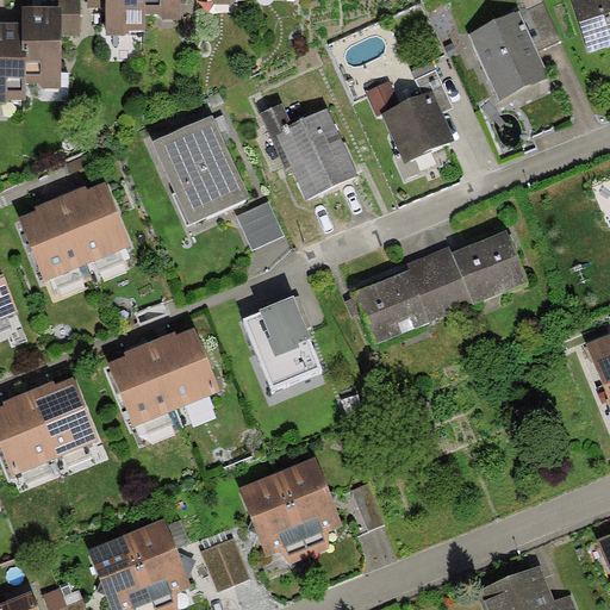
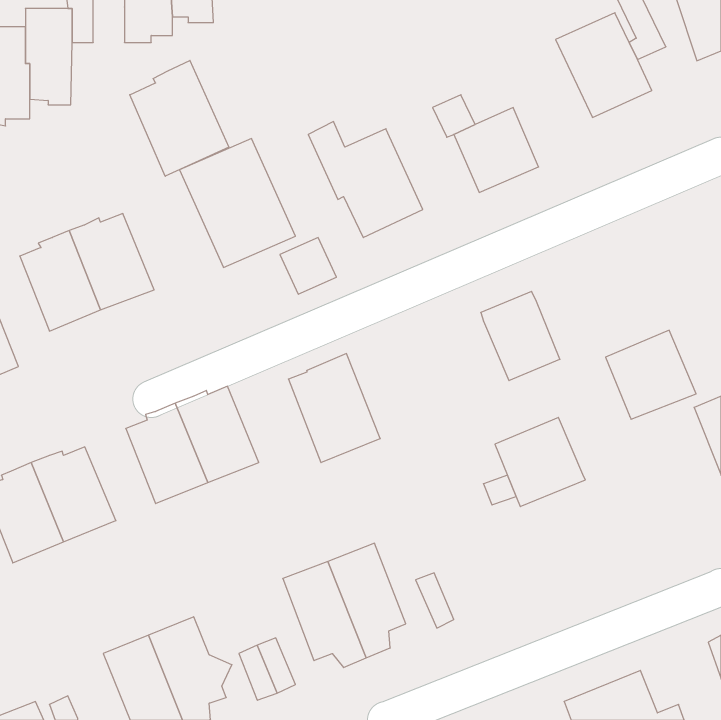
building: none -> [130,60,229,176]
building: [452,230,528,305] -> [606,330,696,419]
building: [354,270,430,346] -> [495,417,585,507]

